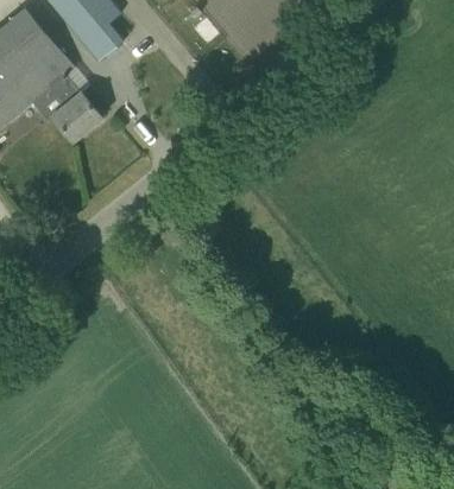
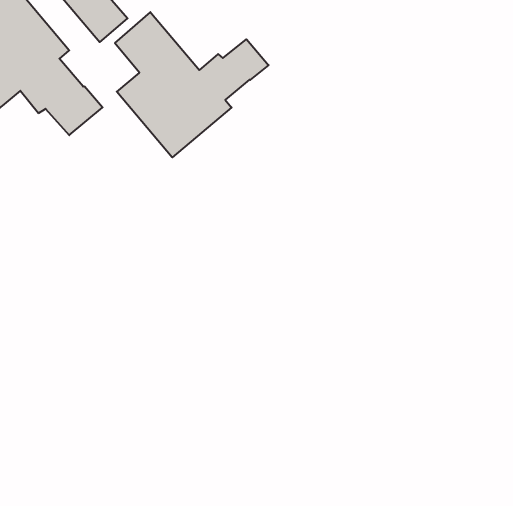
building: none -> [115,12,269,157]

